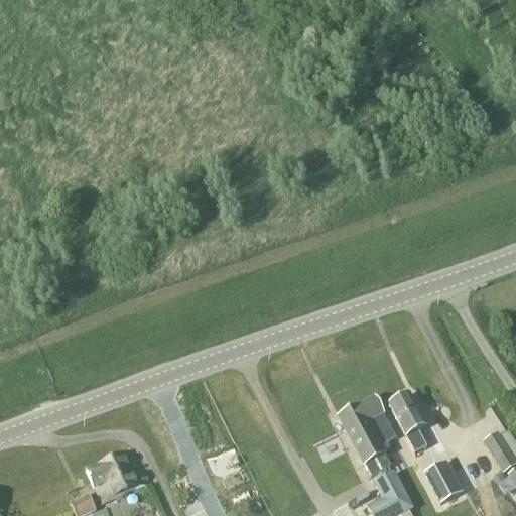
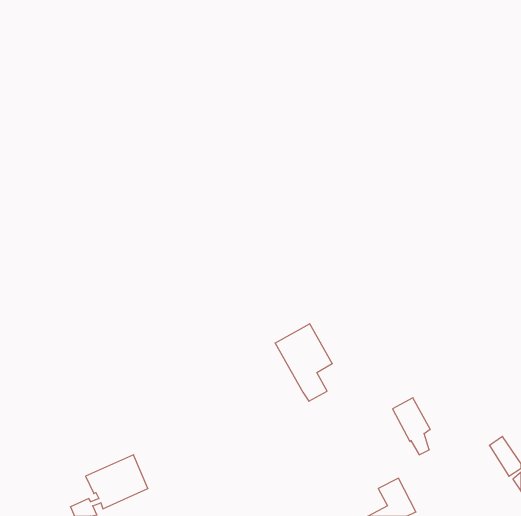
building: [338,396,394,473] -> [275,324,332,401]
building: [423,460,463,503] -> none

